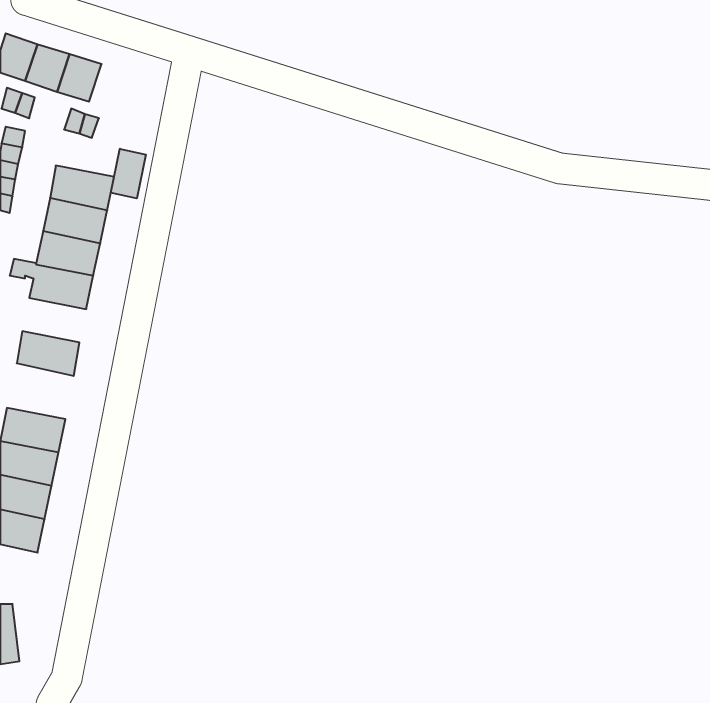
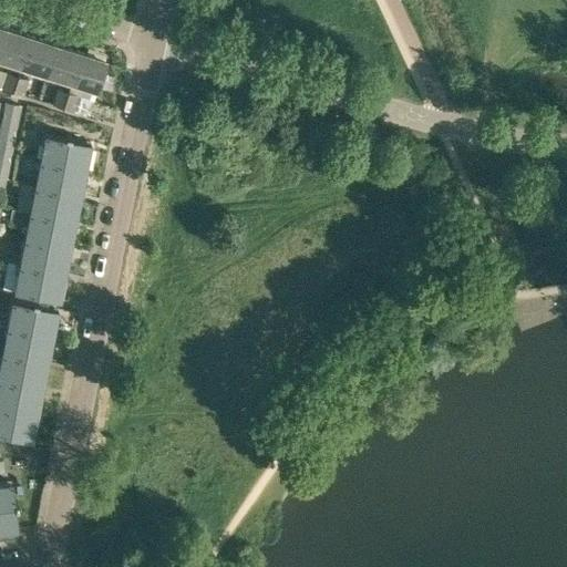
building: none -> [72,58,107,95]
building: [111,149,146,198] -> none
building: none -> [19,244,70,279]
building: none -> [7,305,58,340]

